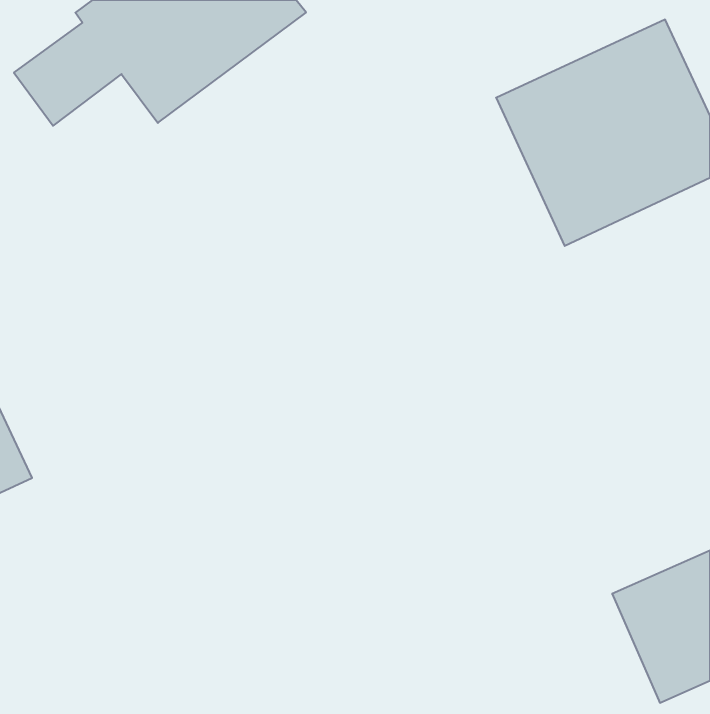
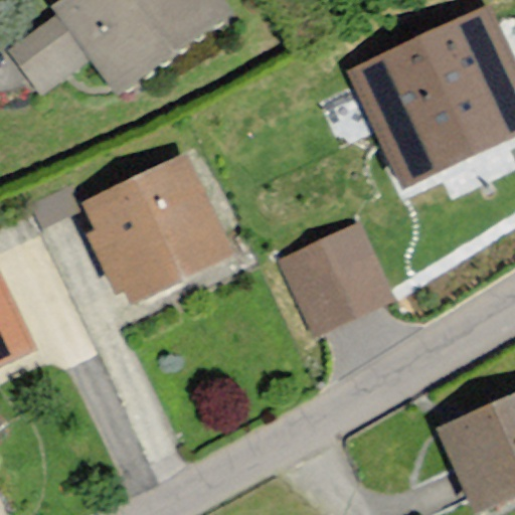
building: none -> [85,159,224,299]
building: none -> [282,230,387,333]

